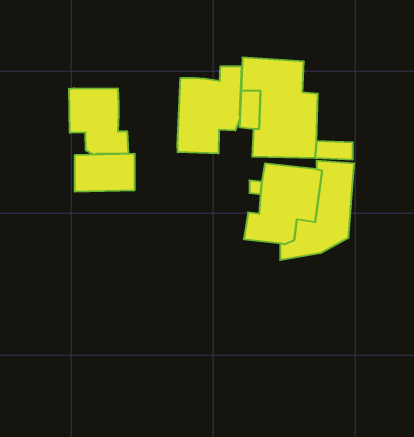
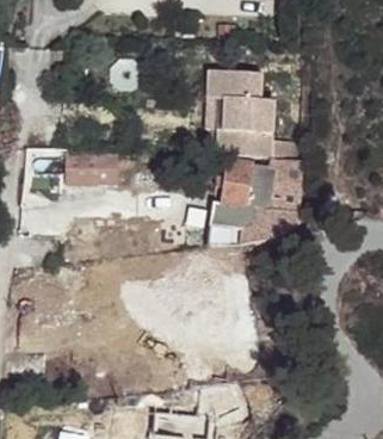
building: [177,66,241,154] -> none
building: [69,88,128,155] -> none

